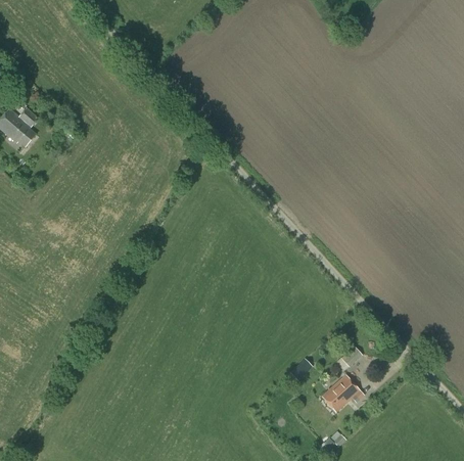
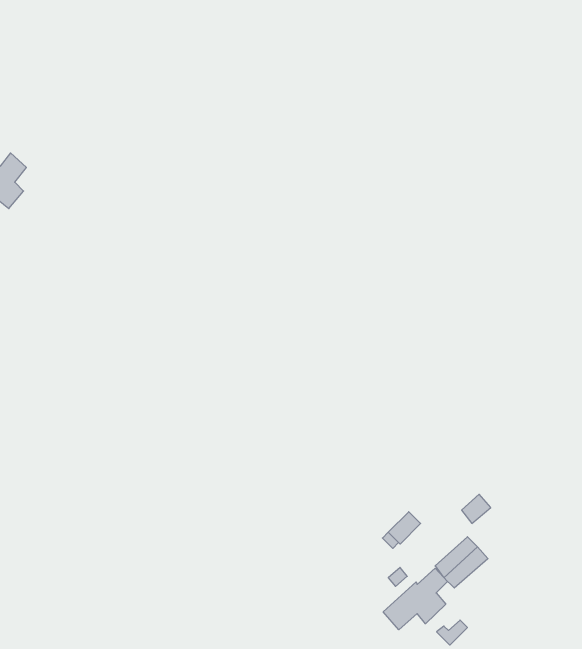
building: none -> [383,568,447,630]

